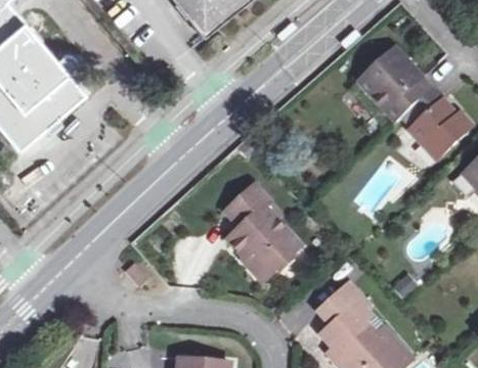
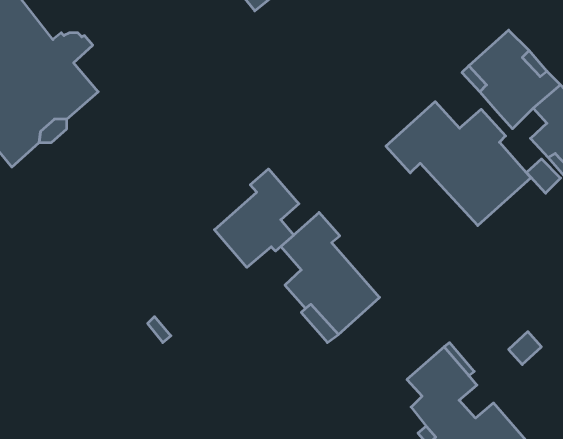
building: none -> [386,102,531,226]
building: none -> [214,169,299,267]

